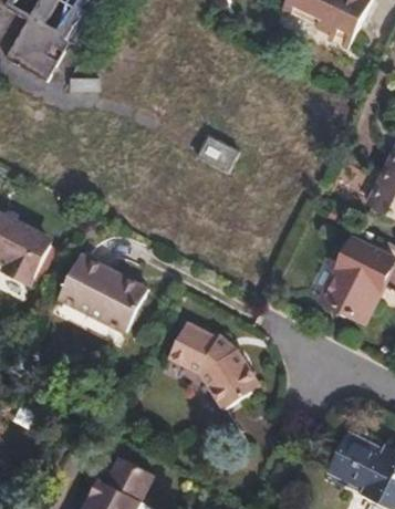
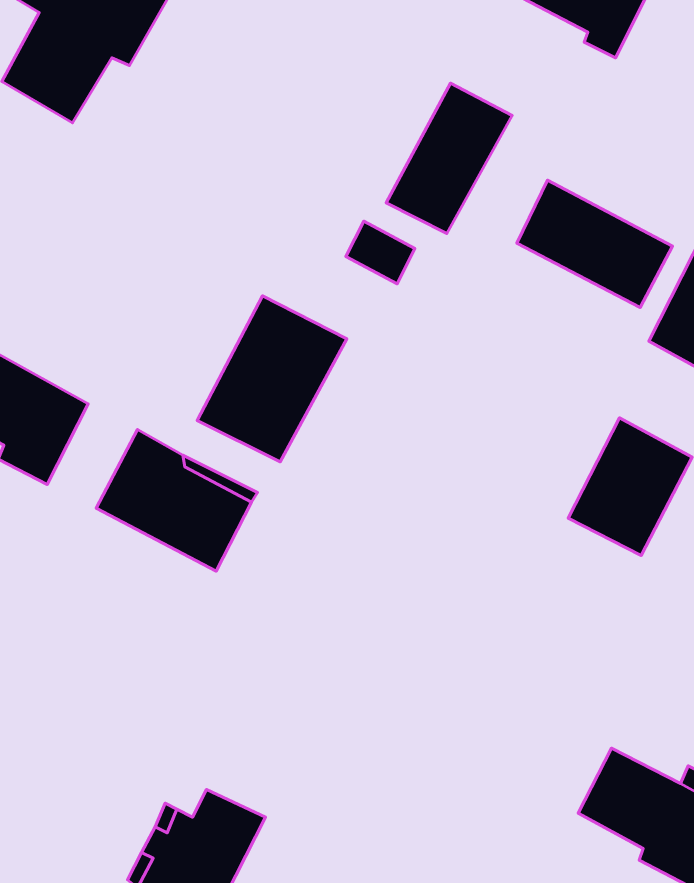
building: none -> [386,83,512,233]
building: none -> [517,180,672,308]
building: none -> [197,296,347,462]
building: [164,323,258,409] -> none

